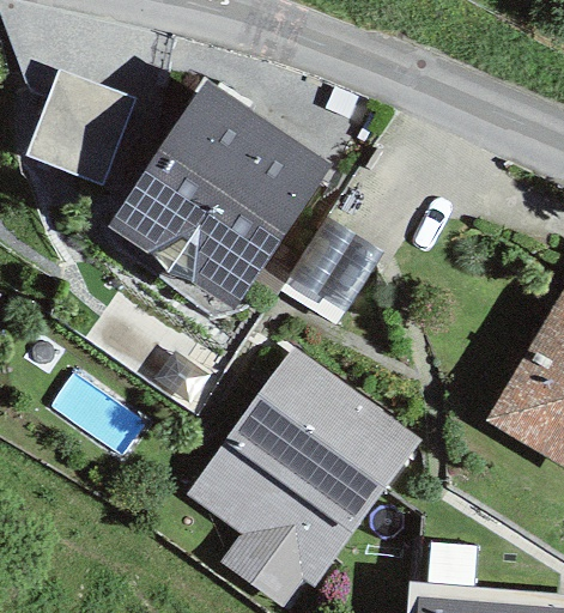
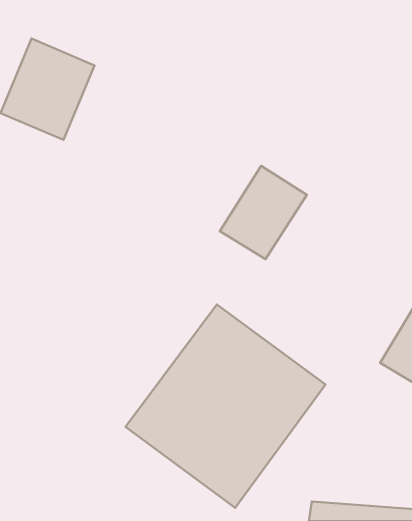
building: [105,92,313,304] -> none

